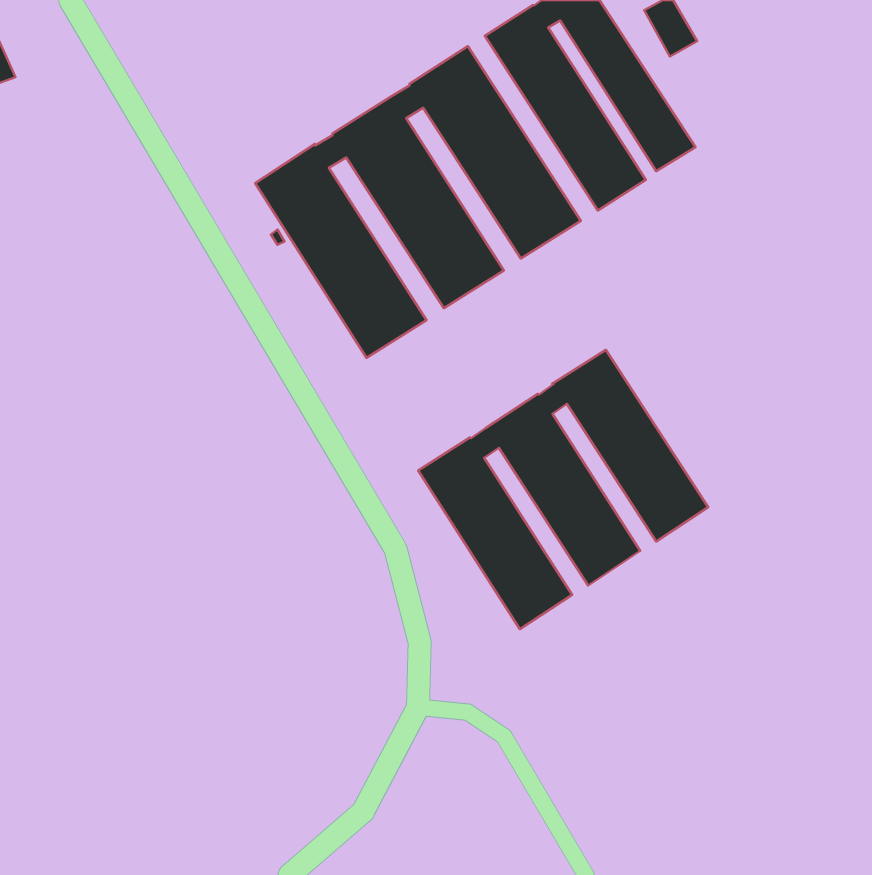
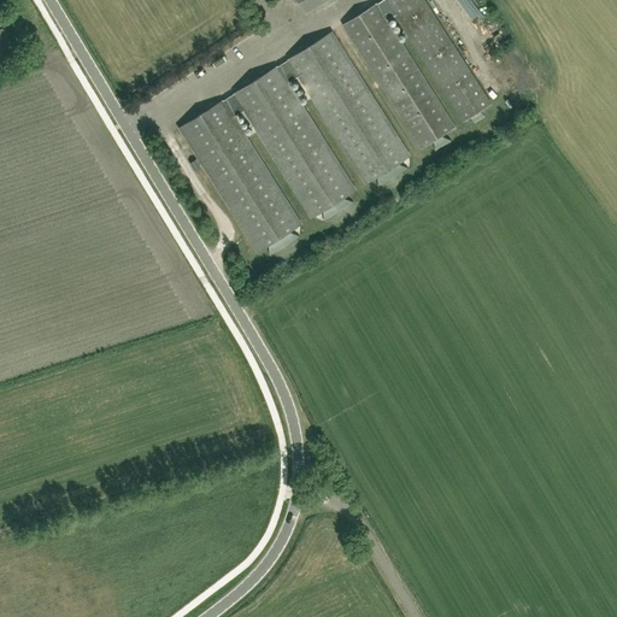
building: [418,350,708,629] -> none

